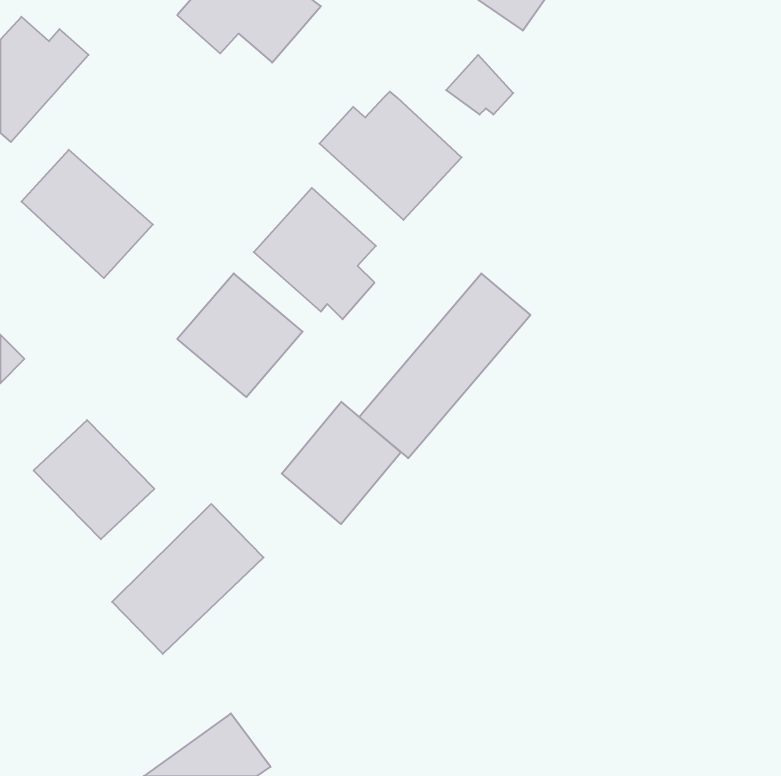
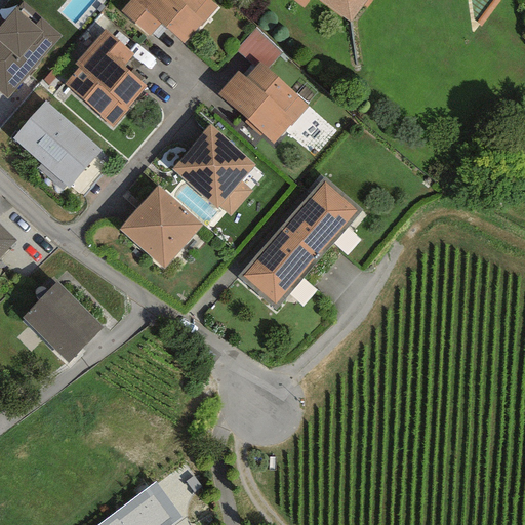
building: none -> [65,28,146,124]
building: [446,55,513,115] -> [235,26,280,66]
building: [282,402,401,524] -> none
building: [112,504,264,654] -> none

